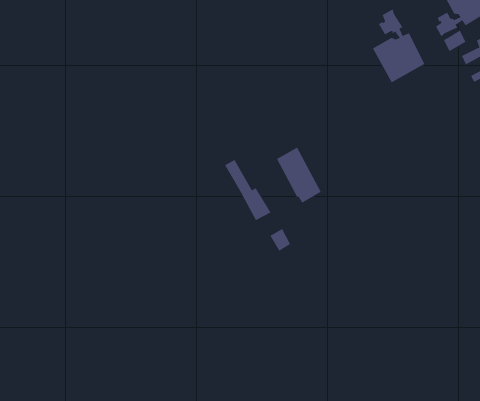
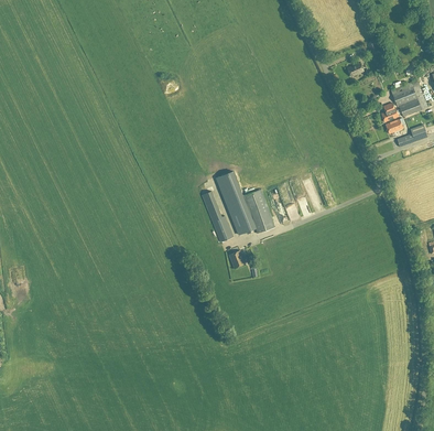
building: [372,8,425,83] -> none
building: none -> [216,171,254,235]

